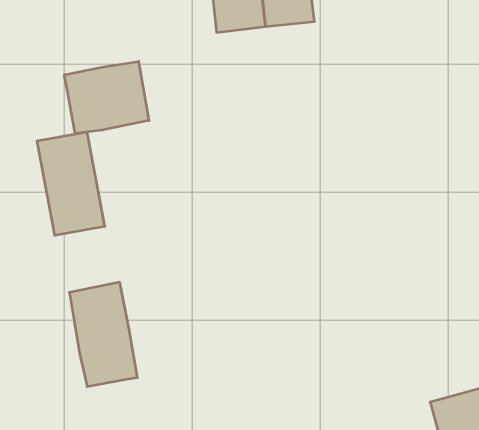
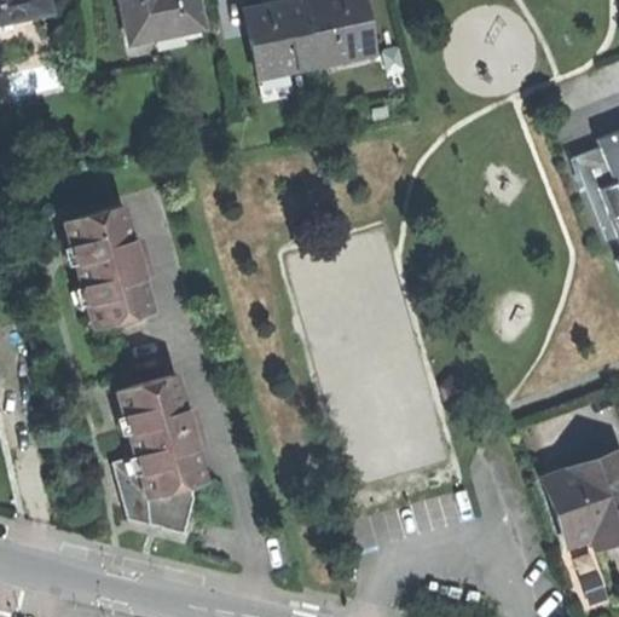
building: [64,61,149,134] -> none
building: none -> [116,461,193,535]

